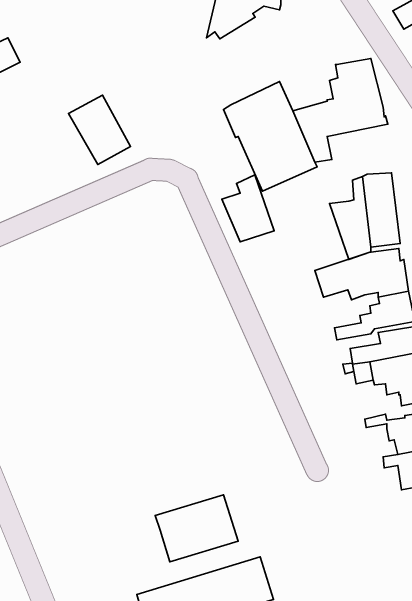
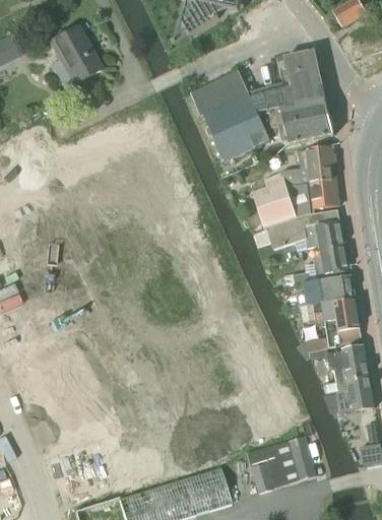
building: [69,95,131,165] -> [49,25,101,83]
building: none -> [277,106,333,144]
building: [222,175,274,242] -> [252,172,296,228]
building: [155,495,238,562] -> [246,436,315,492]

